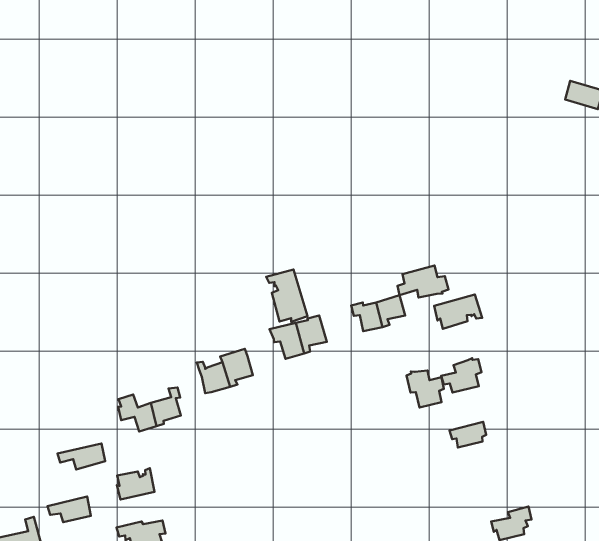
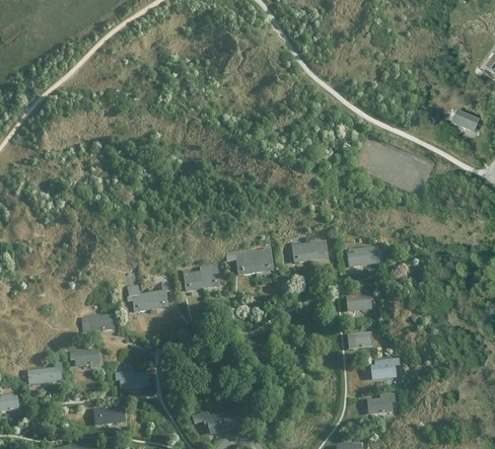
building: [398,265,449,298] -> none
building: [266,270,308,322] -> none
building: [407,371,444,408] -> none
building: none -> [370,359,400,379]
building: [117,468,154,500] -> none

